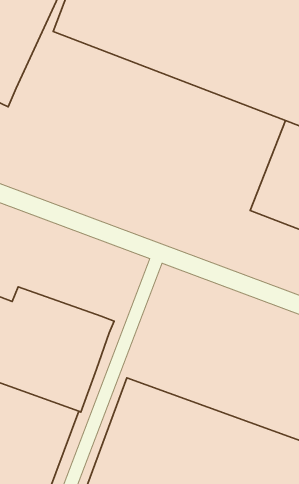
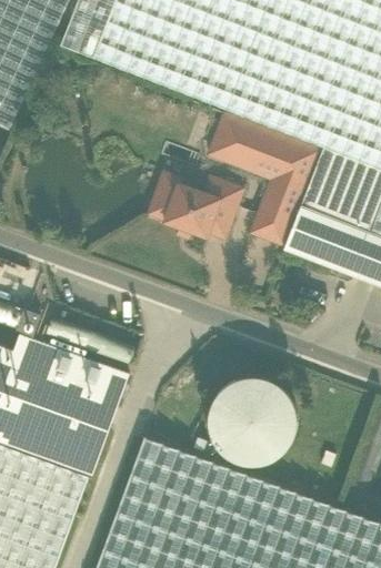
building: none -> [209,112,321,244]
building: none -> [149,179,243,237]
building: none -> [191,364,292,468]

